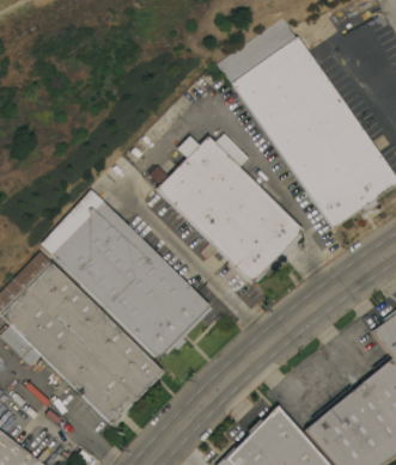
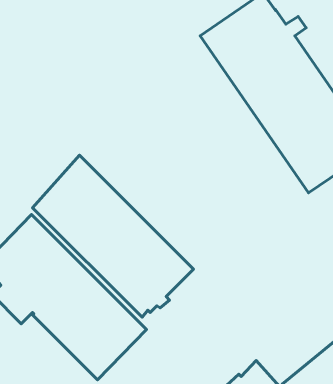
building: [150,133,303,282] -> none

